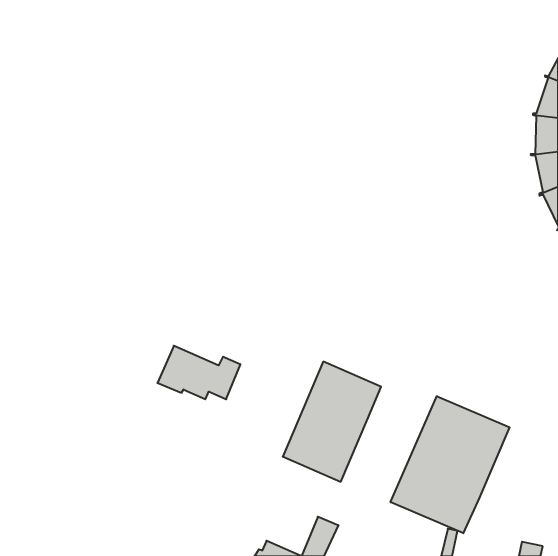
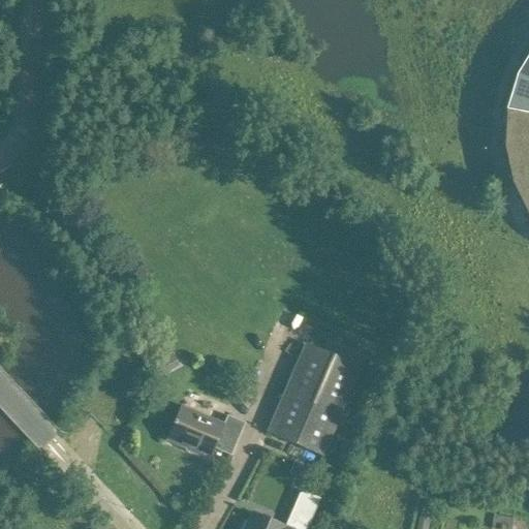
building: [157,346,240,399] -> [165,404,244,455]
building: [391,396,510,533] -> none

